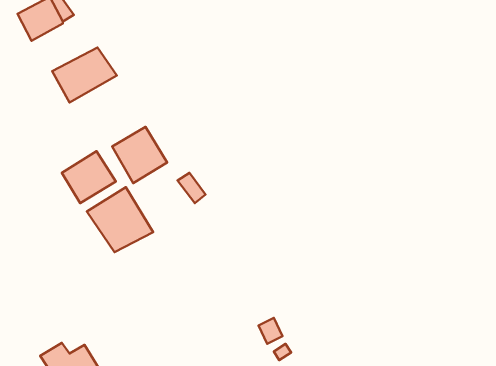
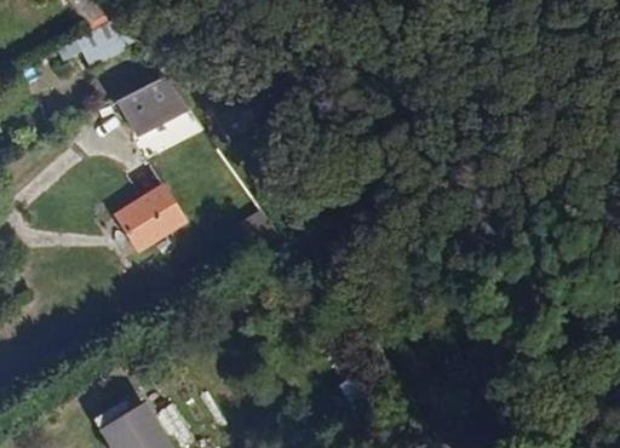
building: [112,127,167,183] -> none
building: [87,187,153,252] -> none

